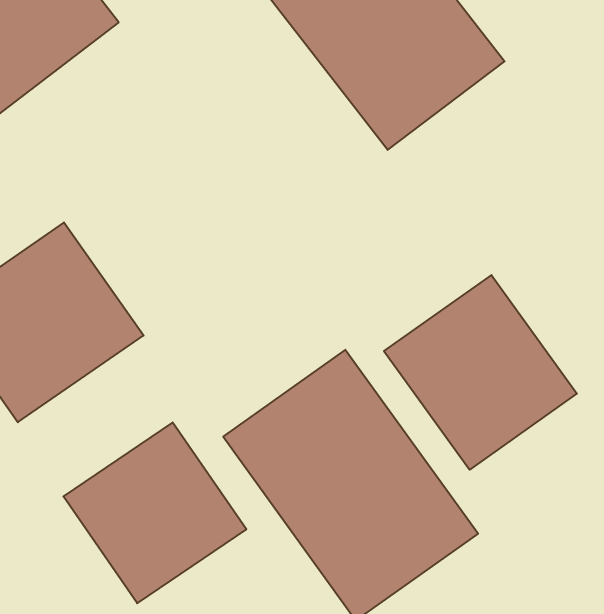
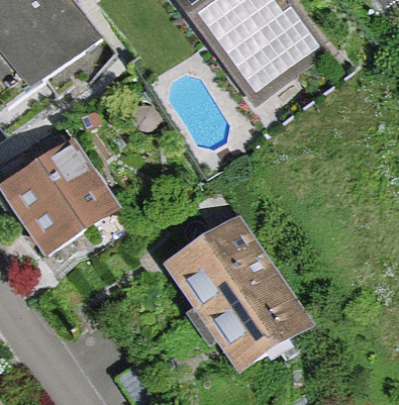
building: [384,275,577,470] -> none
building: [63,422,246,603] -> none

